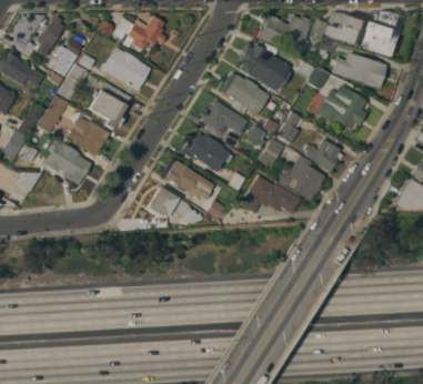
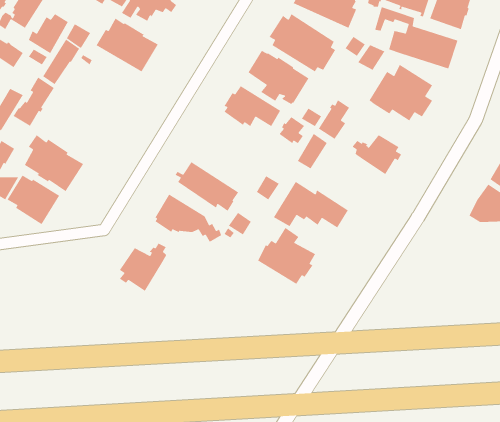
building: [89,81,131,129] -> none
building: [68,117,110,156] -> [7,175,60,225]
building: [182,132,232,171] -> none
building: [279,154,325,200] -> [257,227,316,285]
building: none -> [119,242,167,292]

